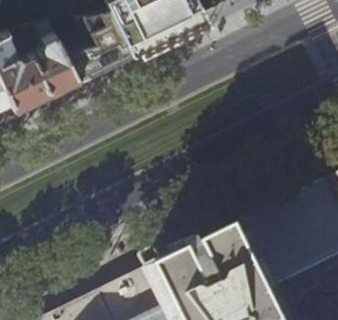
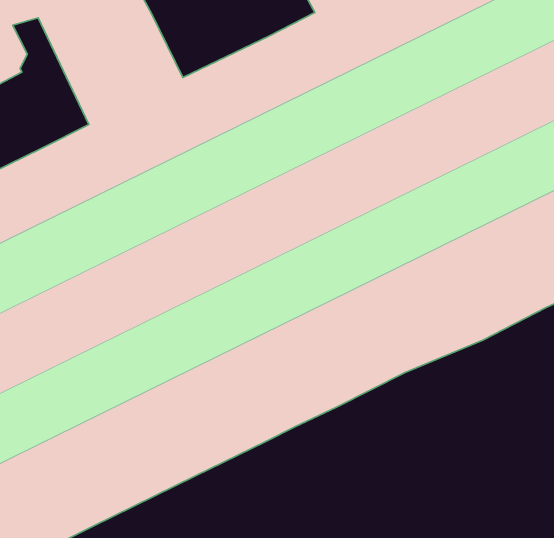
building: [66,18,127,79] -> none

